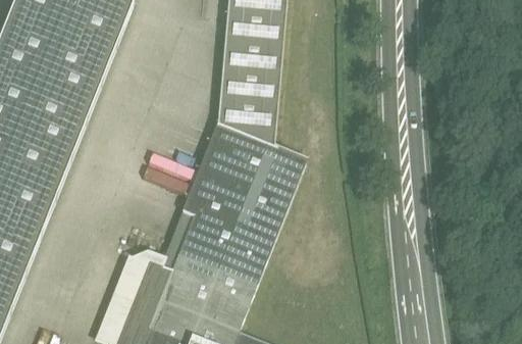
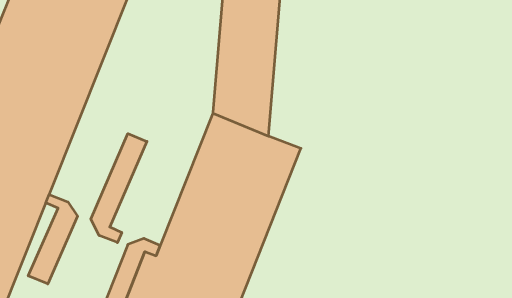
building: none -> [91,134,147,243]
building: none -> [28,195,78,284]

